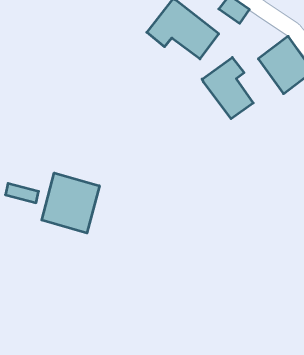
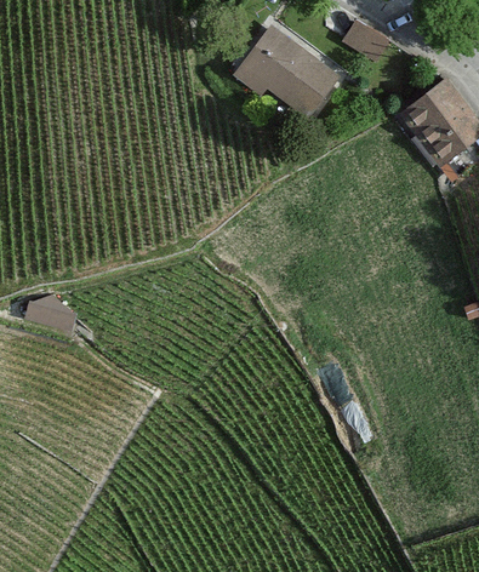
building: [202,57,253,119] -> none
building: [42,173,99,233] -> none

